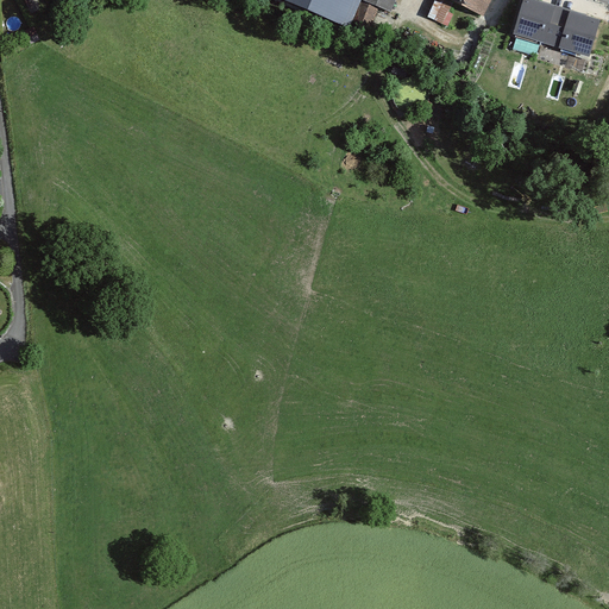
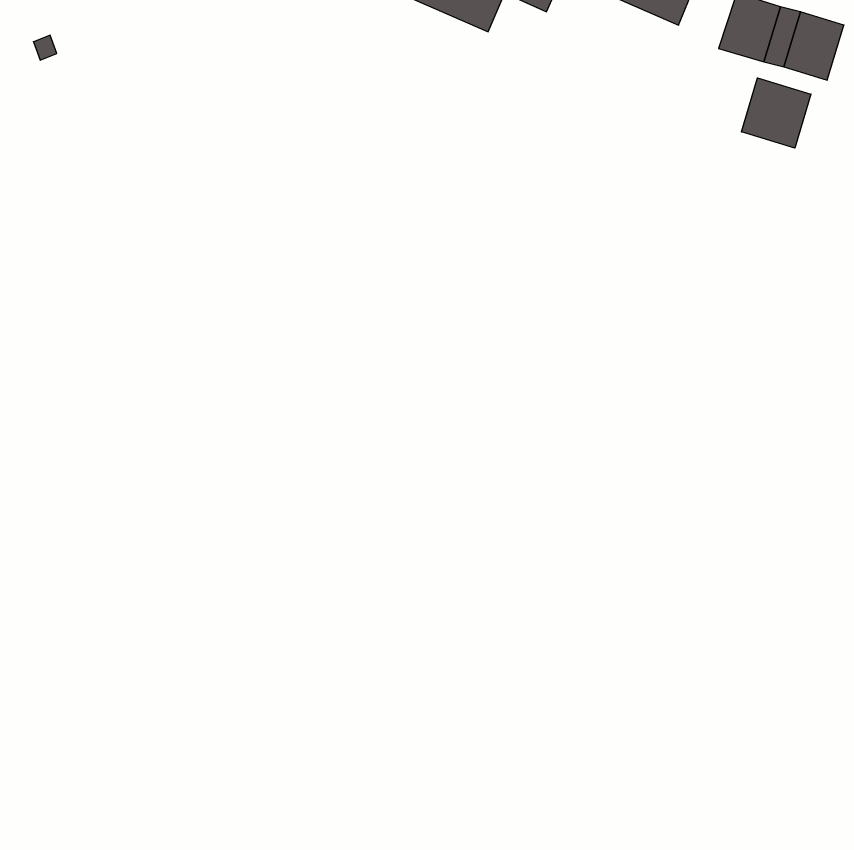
building: none -> [741,78,811,148]

